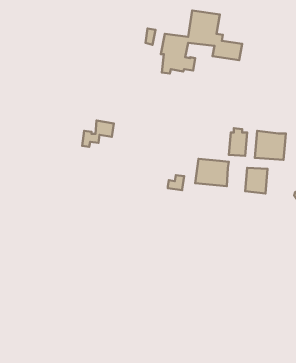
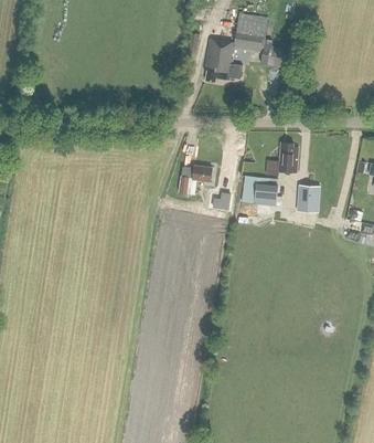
building: [82,121,114,147] -> [178,164,212,192]
building: [255,131,286,160] -> none

